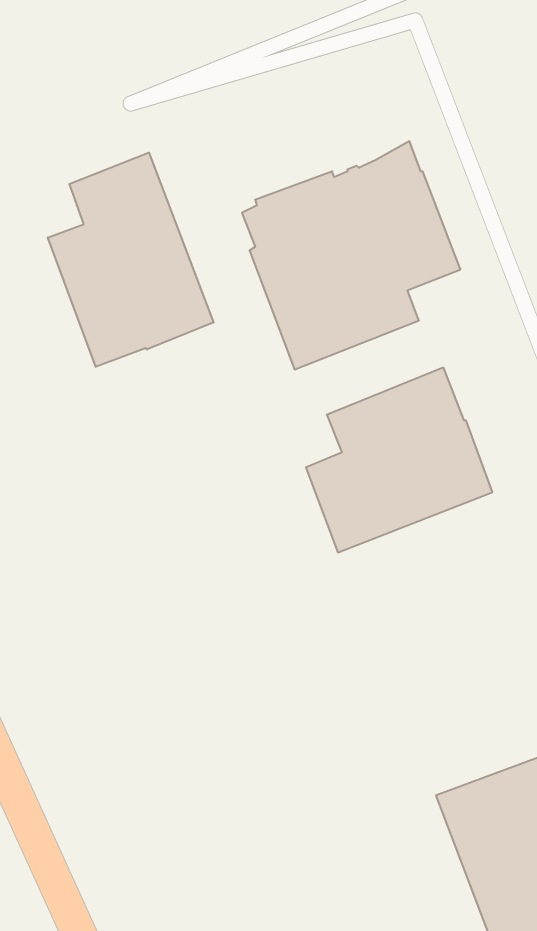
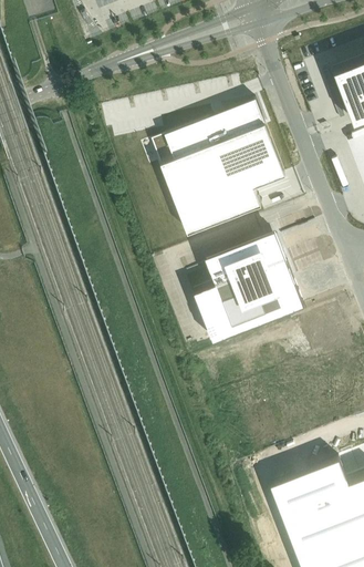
building: [48,153,214,367] -> none

